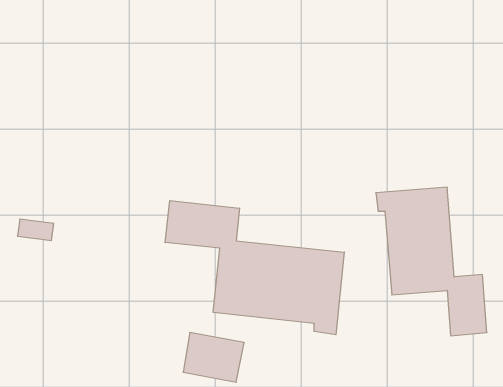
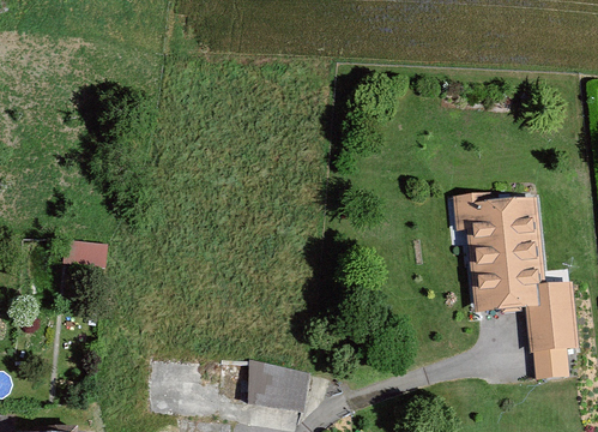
building: [165,201,344,335] -> none

